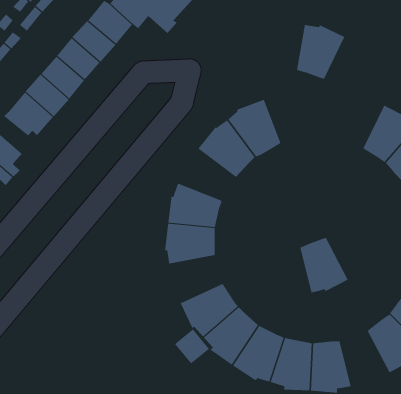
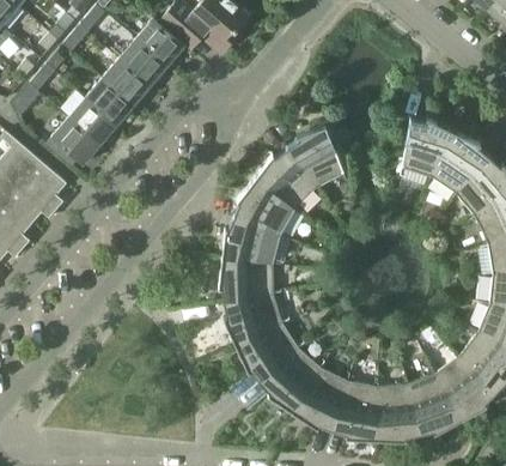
building: [296,24,345,80] -> [402,116,455,176]
building: none -> [233,176,295,232]
building: [300,237,349,293] -> [408,373,461,432]
building: none -> [224,291,282,343]

